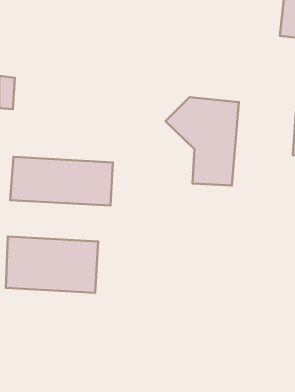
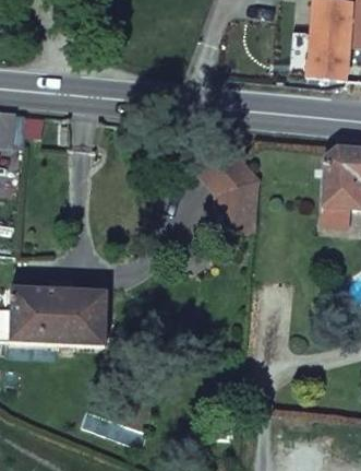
building: [10,157,113,206] -> none

